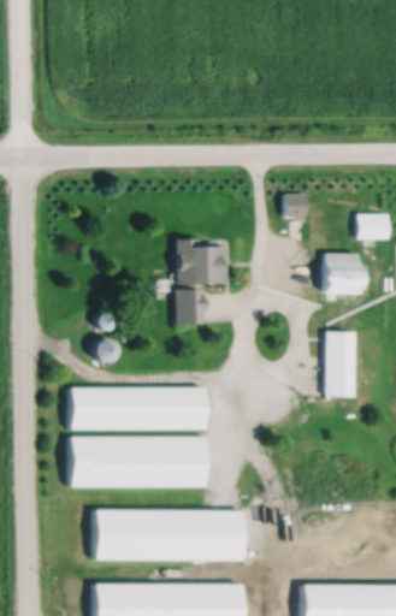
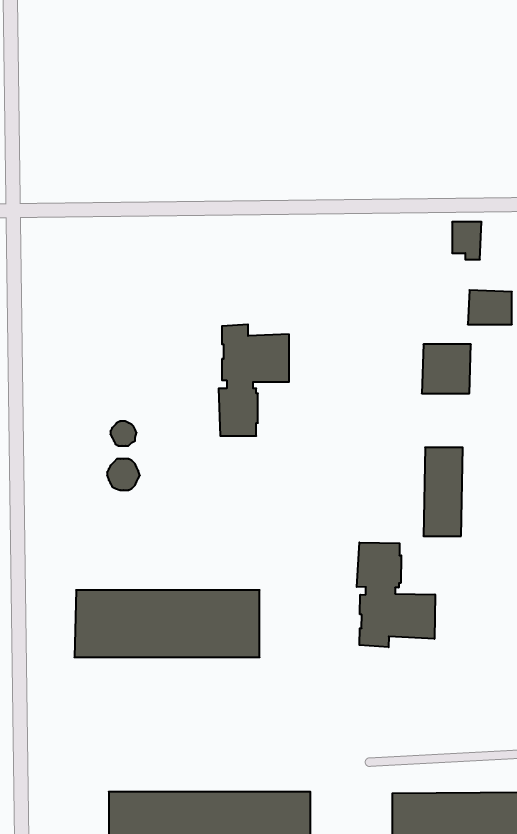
building: [285,196,307,224] -> [452,222,482,260]
building: [70,386,205,431] -> none
building: none -> [357,542,435,647]
building: [95,509,242,559] -> none

